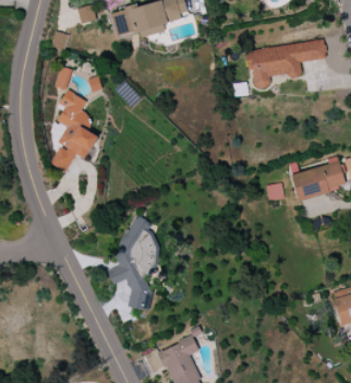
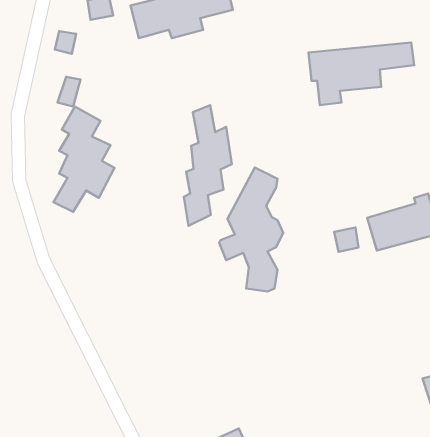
building: none -> [184,105,232,226]
building: [107,214,156,309] -> [219,167,283,291]

